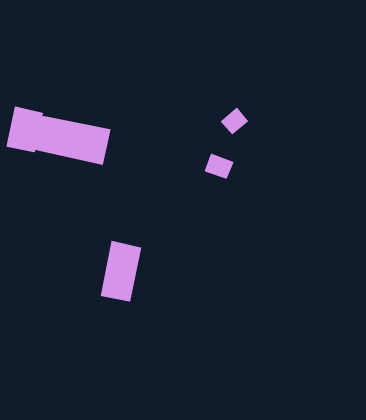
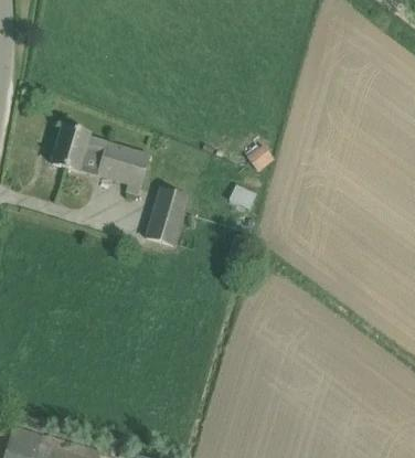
building: [100,240,142,302] -> [146,187,188,244]

